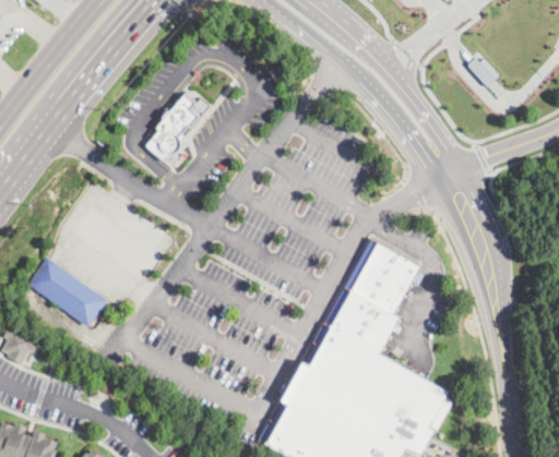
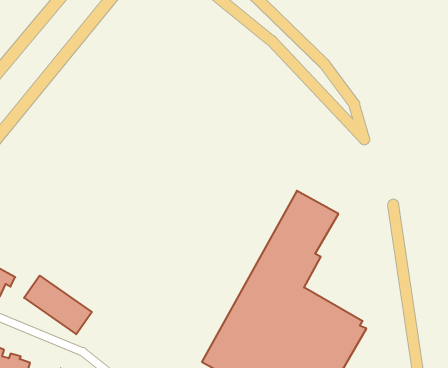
building: [150,95,211,159] -> none
building: [28,260,108,328] -> [24,276,92,334]

